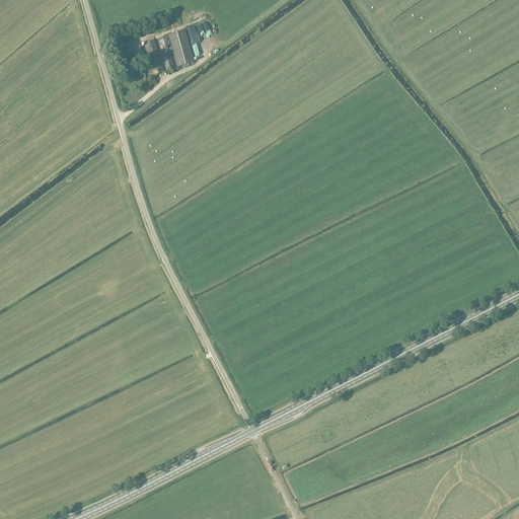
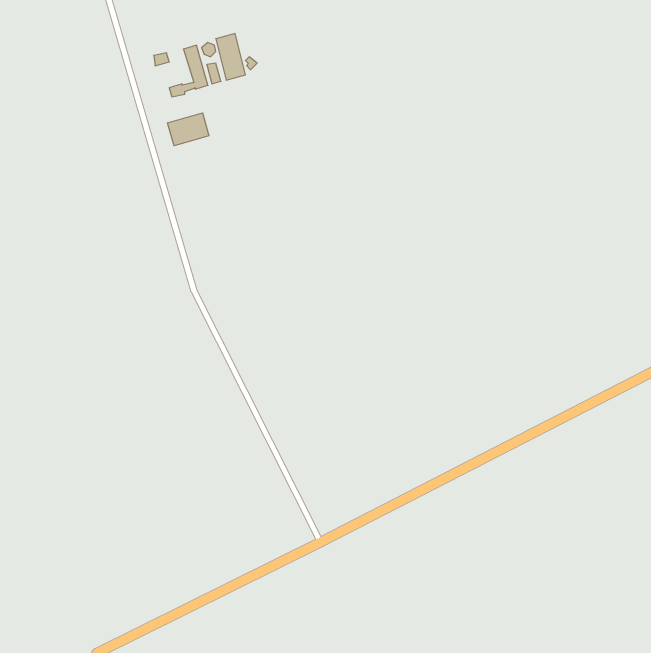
building: none -> [168,113,209,146]

